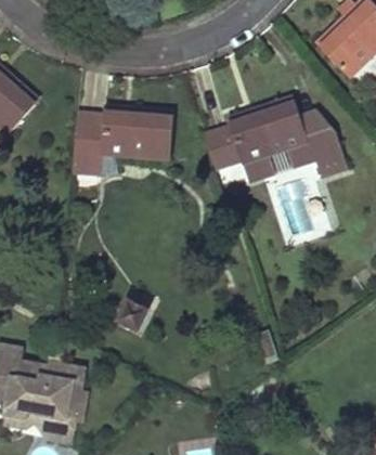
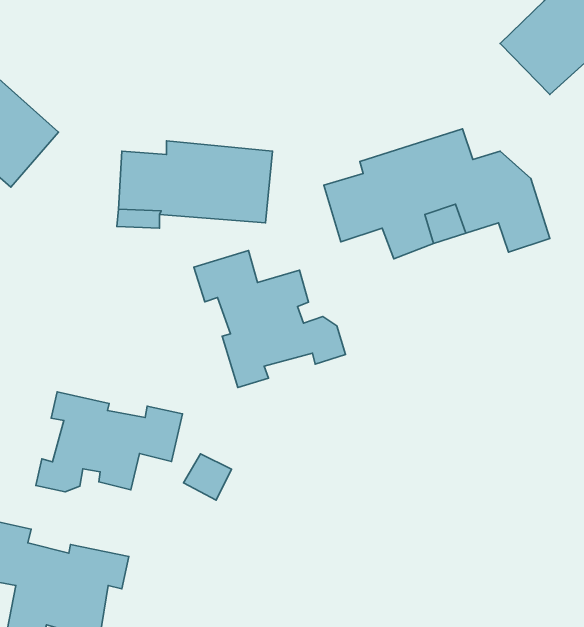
building: none -> [194,251,346,388]
building: none -> [36,392,182,492]

